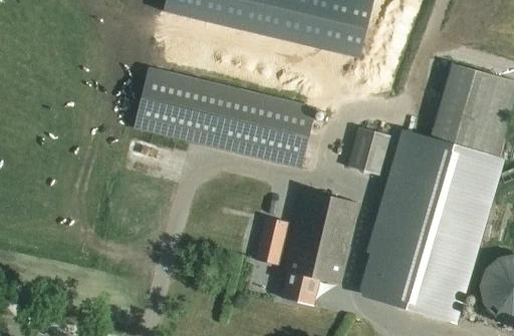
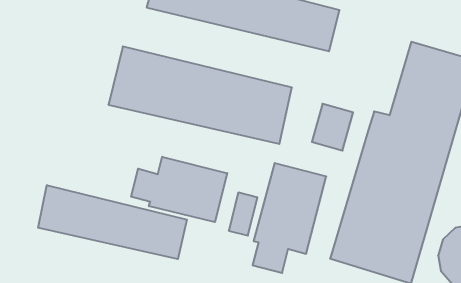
building: none -> [131,157,227,222]
building: none -> [38,185,187,259]

